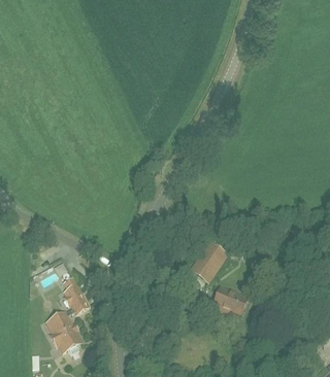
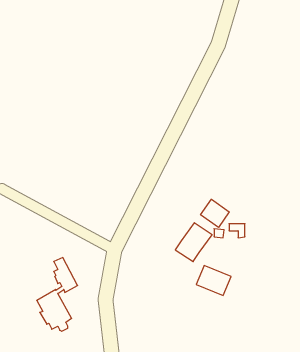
building: none -> [201,199,229,227]

